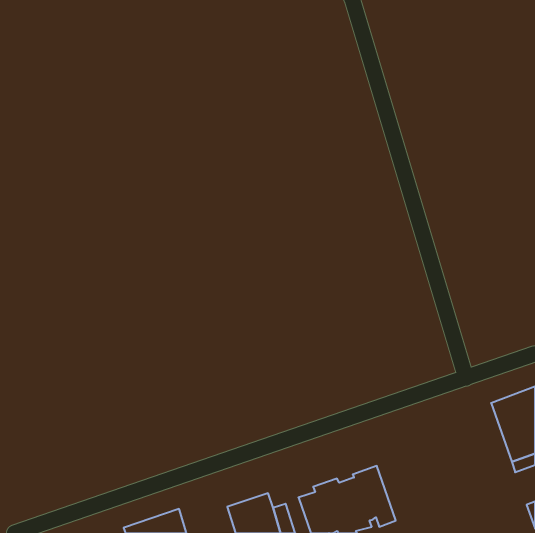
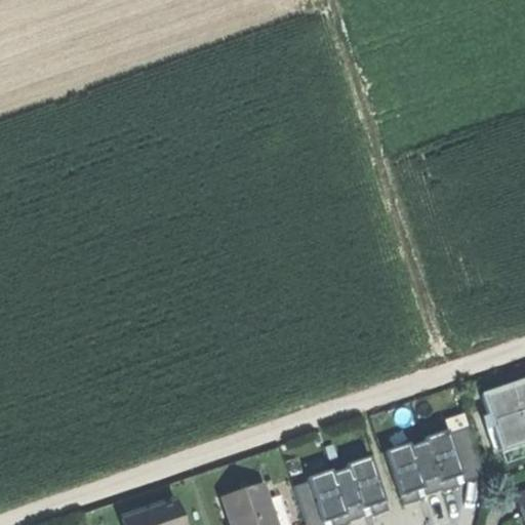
building: none -> [385,427,484,506]

